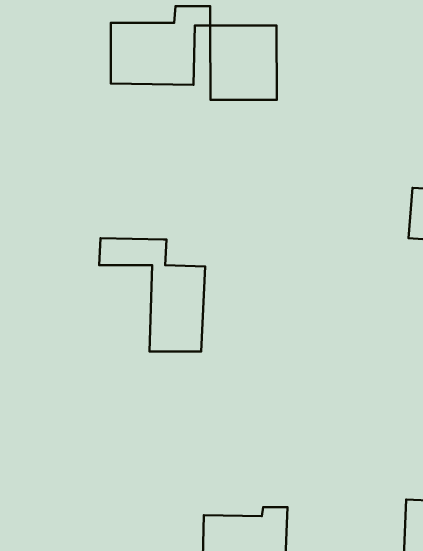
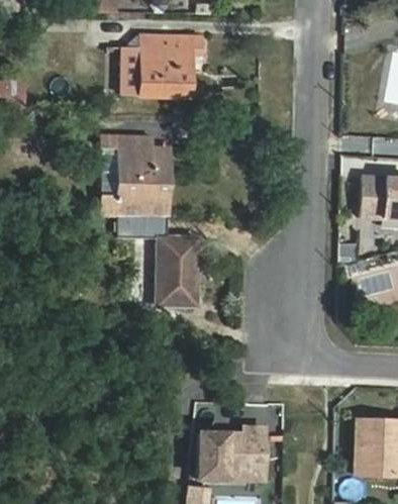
building: [210,25,277,100] -> none
building: none -> [103,134,169,217]

